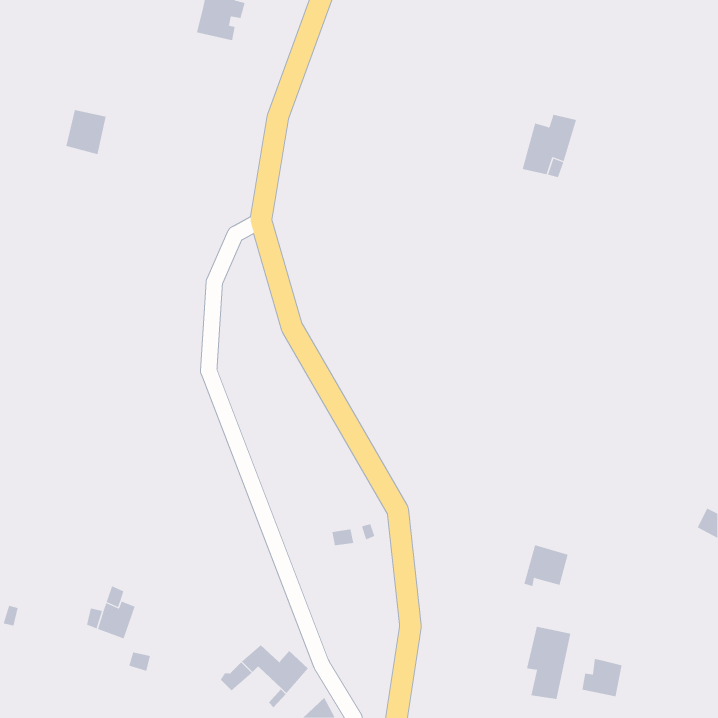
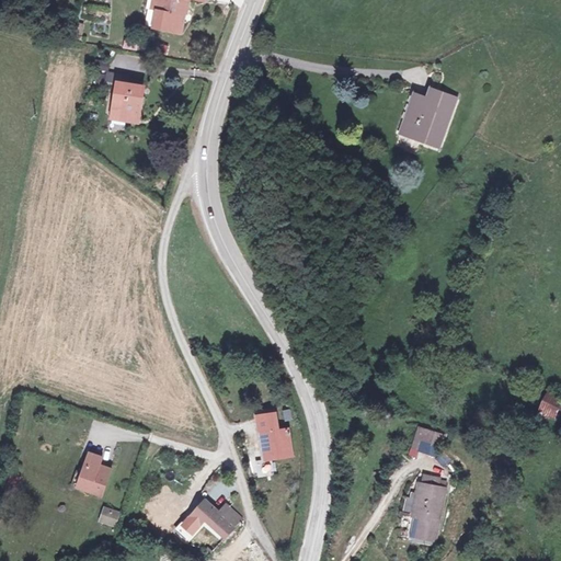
building: [66,110,106,155] -> [114,83,146,118]
building: none -> [262,433,293,470]
building: [582,658,622,697] -> none

